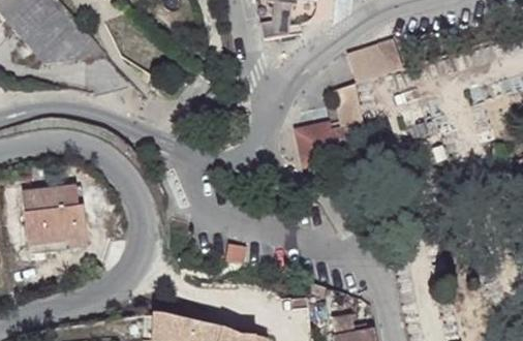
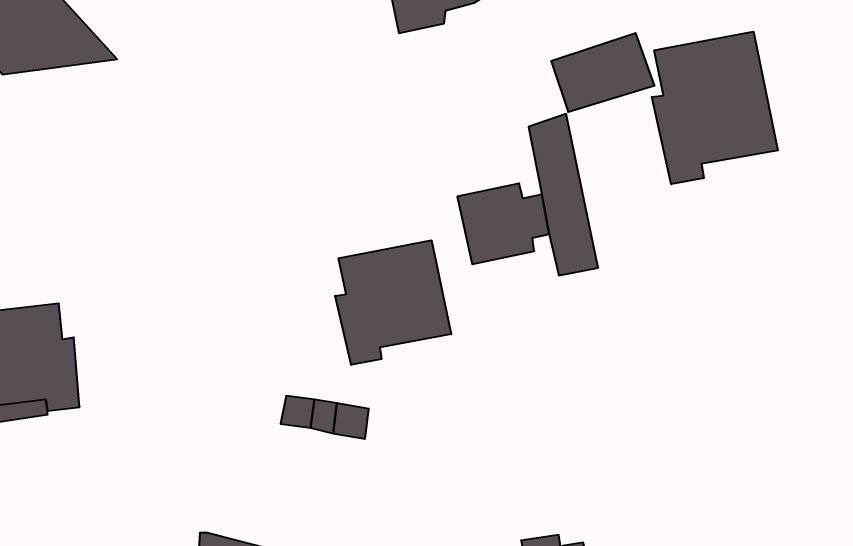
building: none -> [652,32,778,184]
building: none -> [335,240,451,365]

